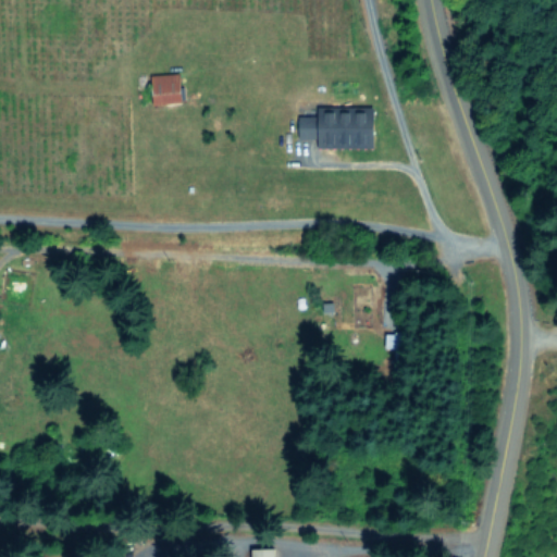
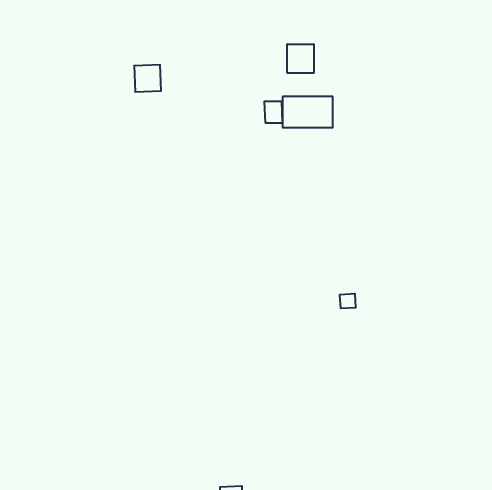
building: none -> [287,44,314,73]

